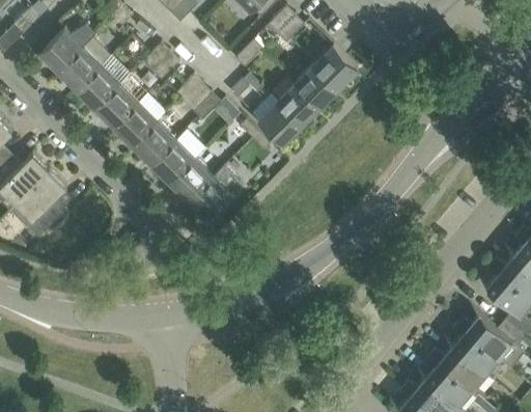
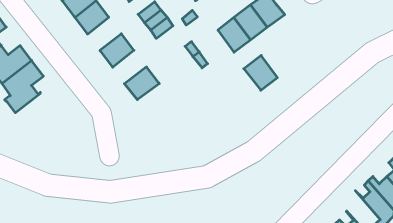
building: [258,101,302,144] -> [244,55,277,90]
building: [115,103,158,146] -> none
building: [152,140,195,184] -> none
building: [189,166,244,221] -> none

